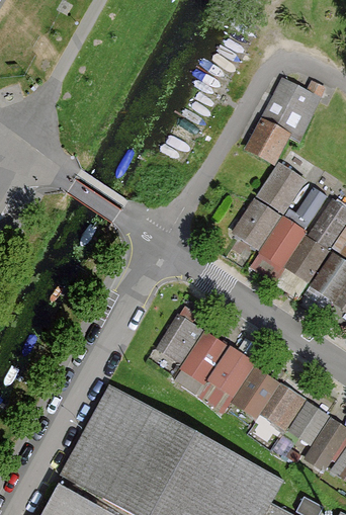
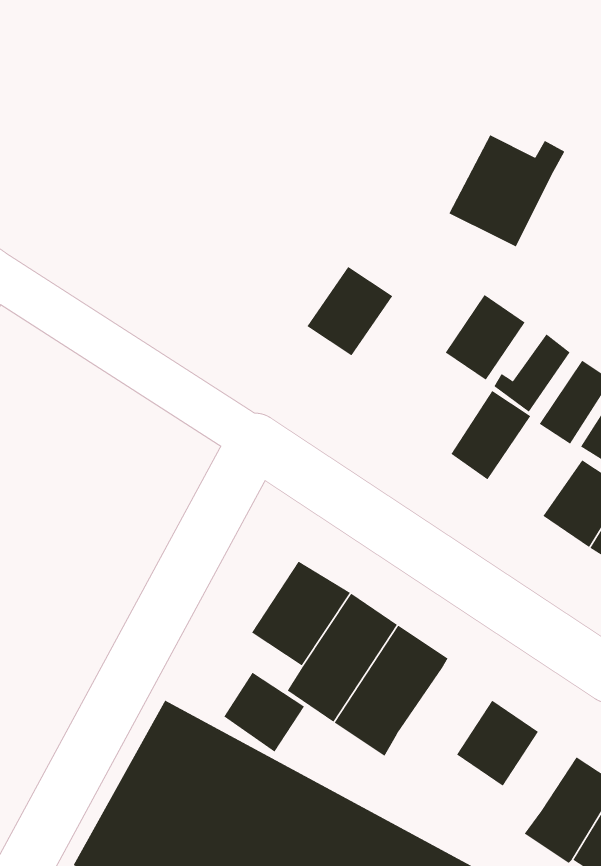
building: [247,123,286,164] -> none
building: [233,201,279,250] -> [307,266,393,356]
building: [285,238,328,283] -> none
building: [233,368,283,422] -> none
building: none -> [223,672,305,752]
building: [289,403,329,445] -> none

